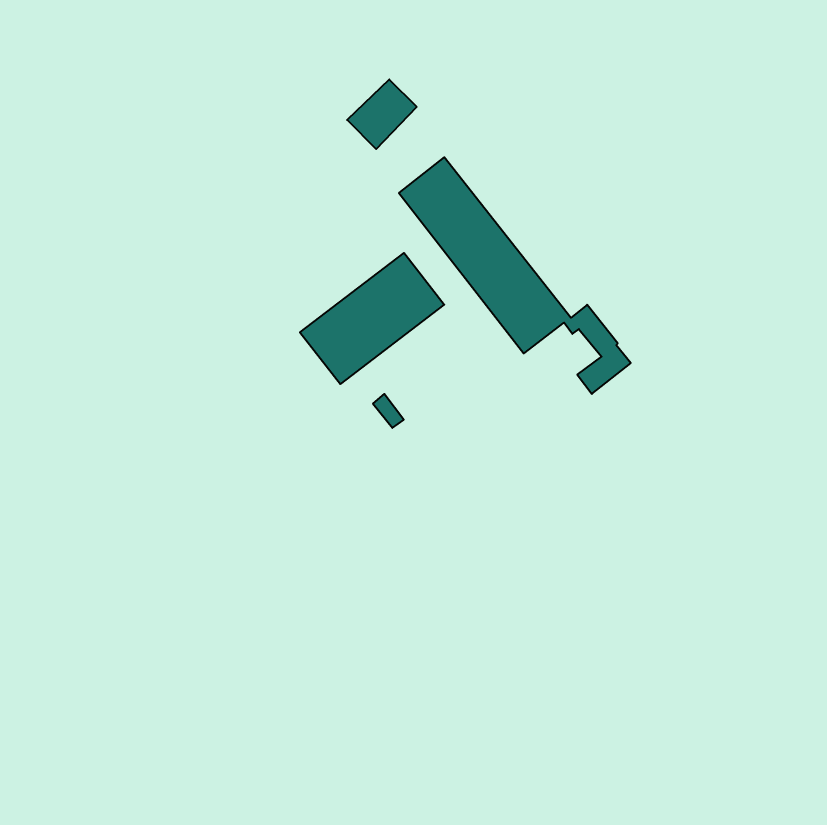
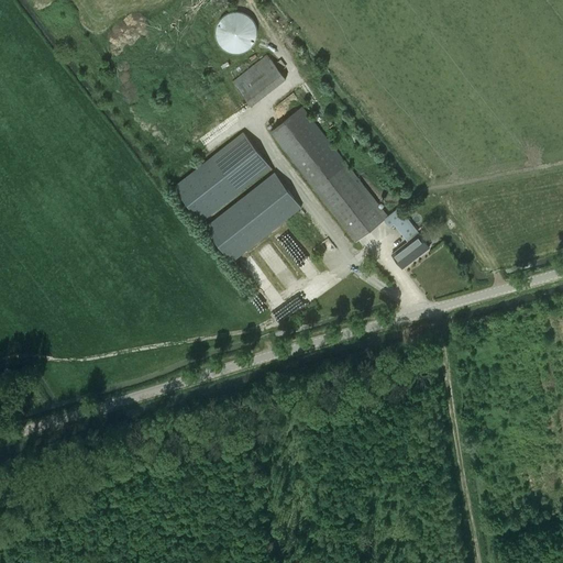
building: none -> [224,14,252,43]
building: none -> [173,134,271,223]

